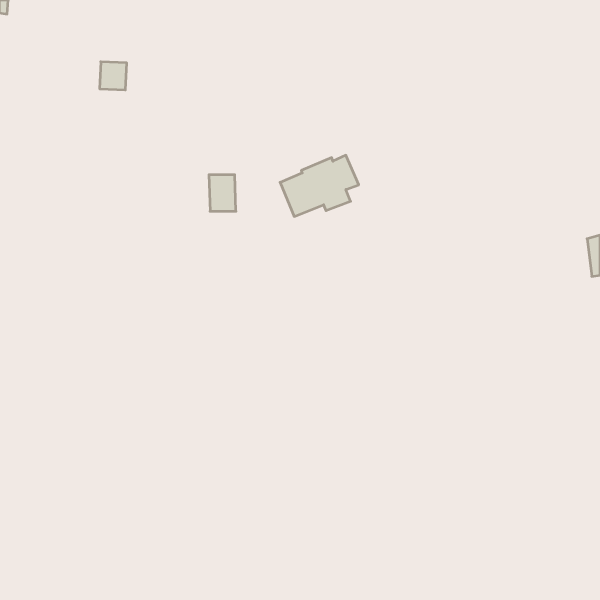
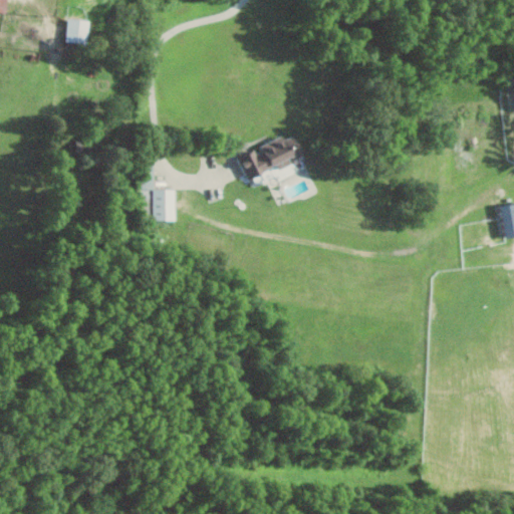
building: [100,62,127,90] -> [66,20,89,44]
building: [209,175,236,211] -> [153,189,176,220]

